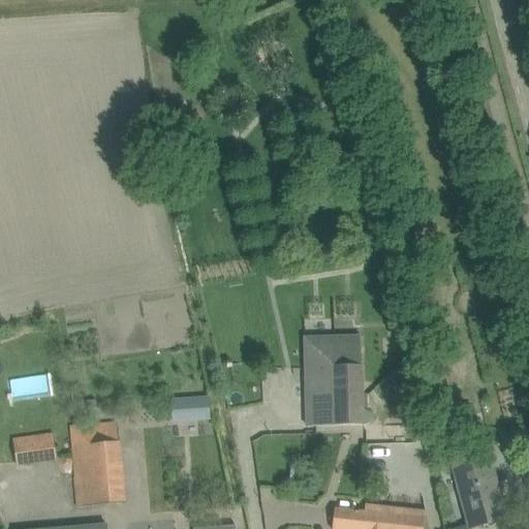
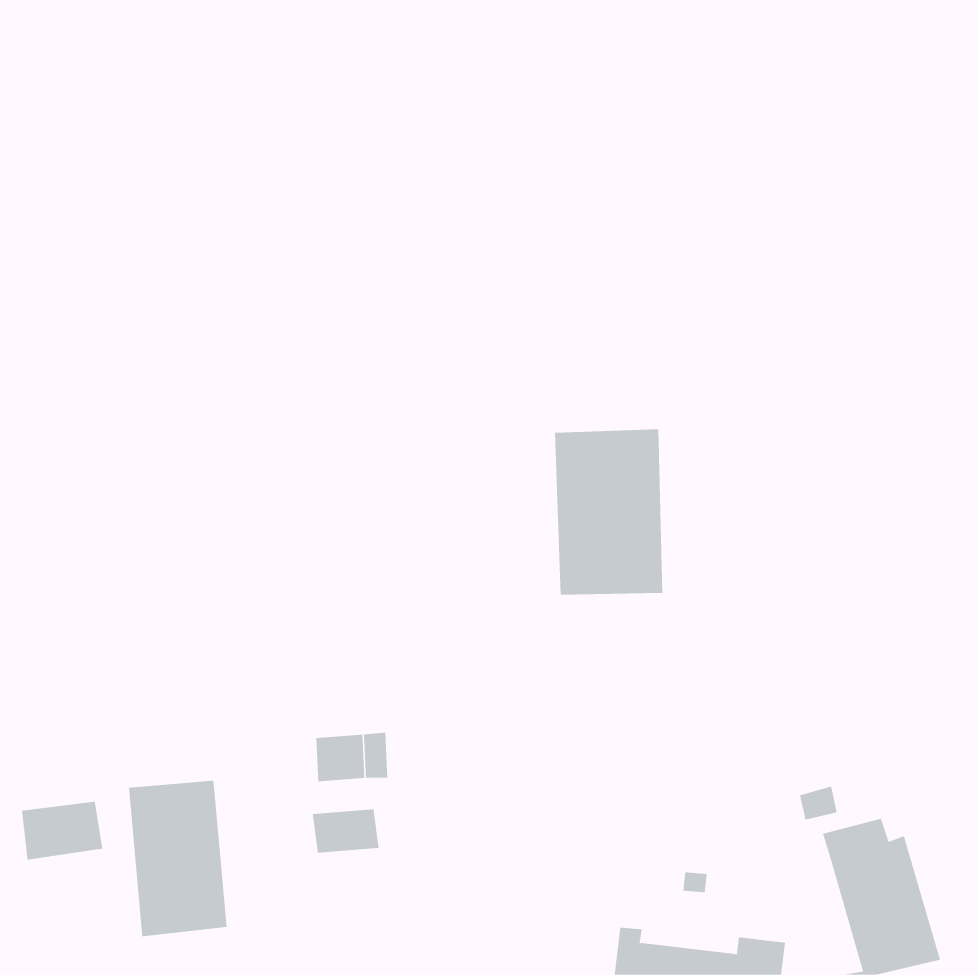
building: [304,336,363,426] -> [554,429,663,595]
building: none -> [312,809,379,853]

